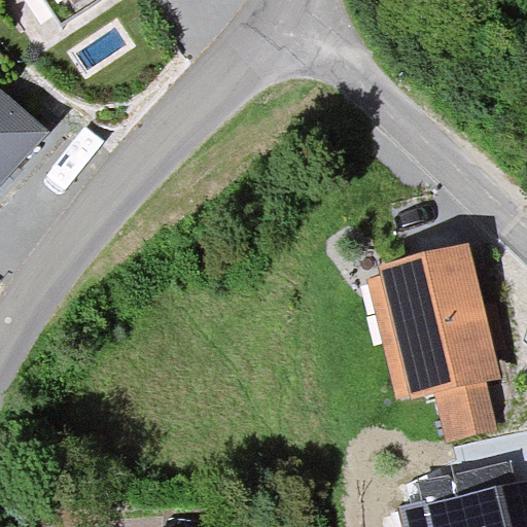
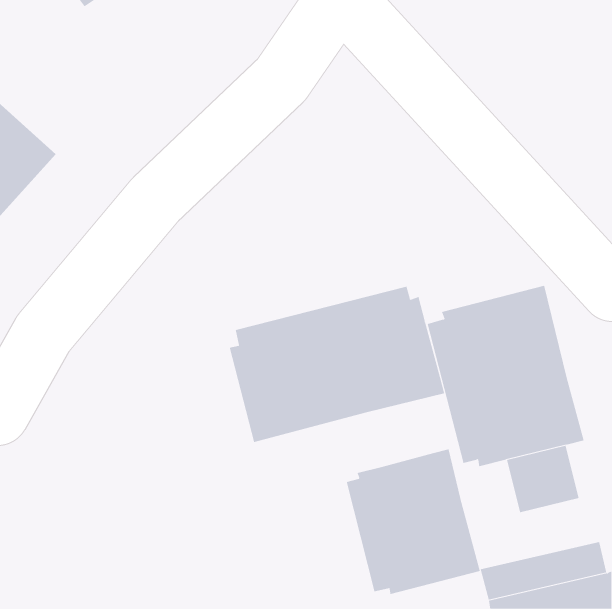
building: none -> [229,286,445,443]
building: none -> [346,449,480,595]

